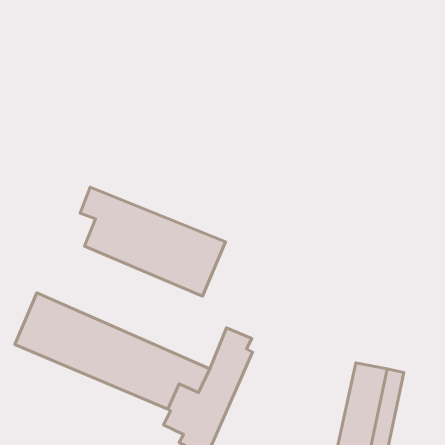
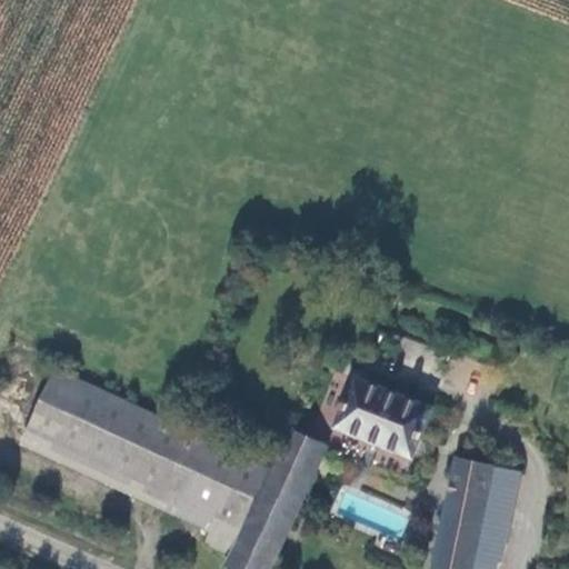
building: [80,187,226,296] -> none
building: none -> [336,378,435,458]

